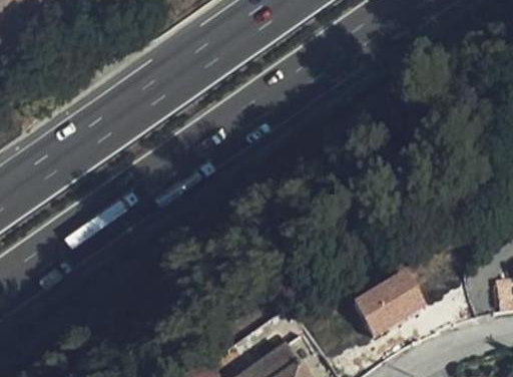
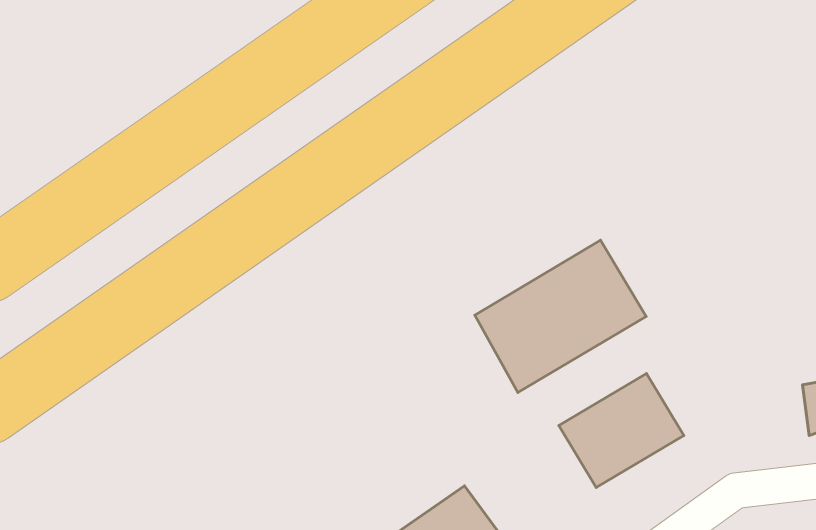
building: none -> [475,240,646,392]

